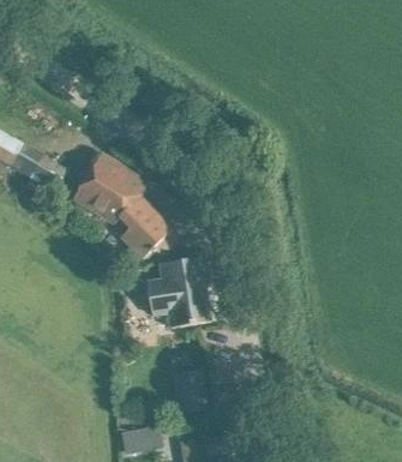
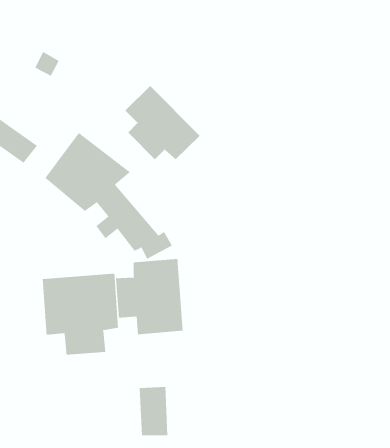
building: none -> [125,85,201,160]
building: none -> [42,273,119,356]

